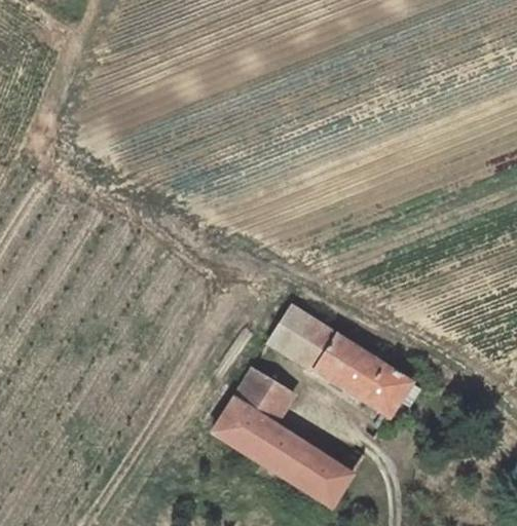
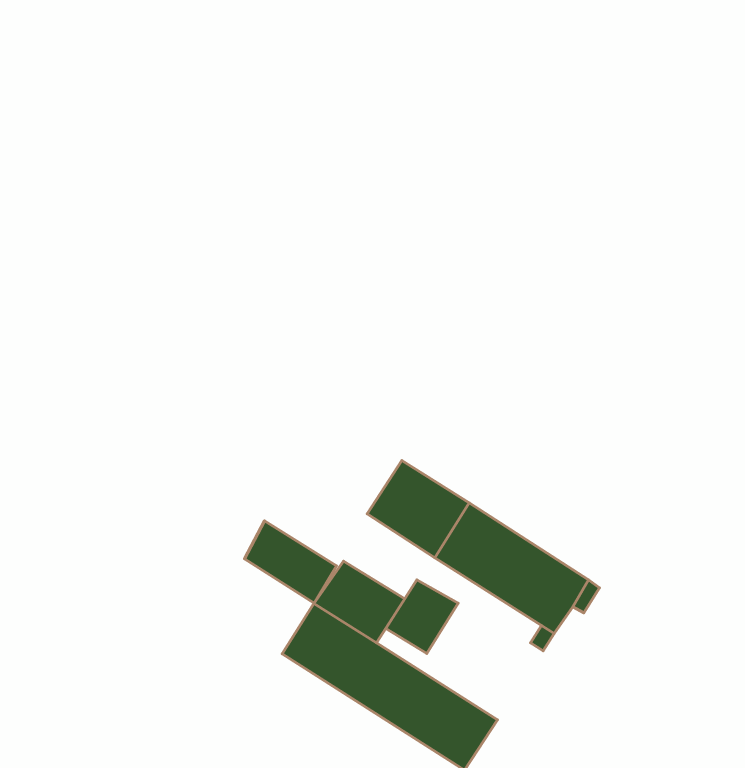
building: none -> [244,521,336,603]
building: none -> [386,580,458,653]

